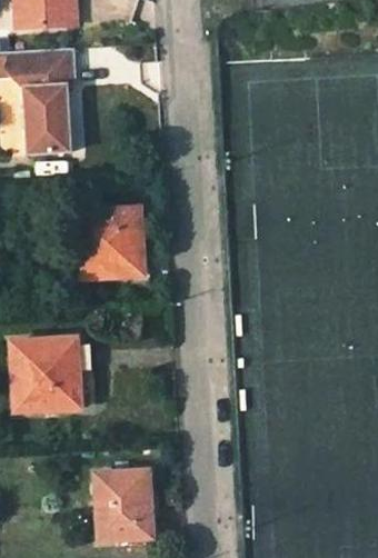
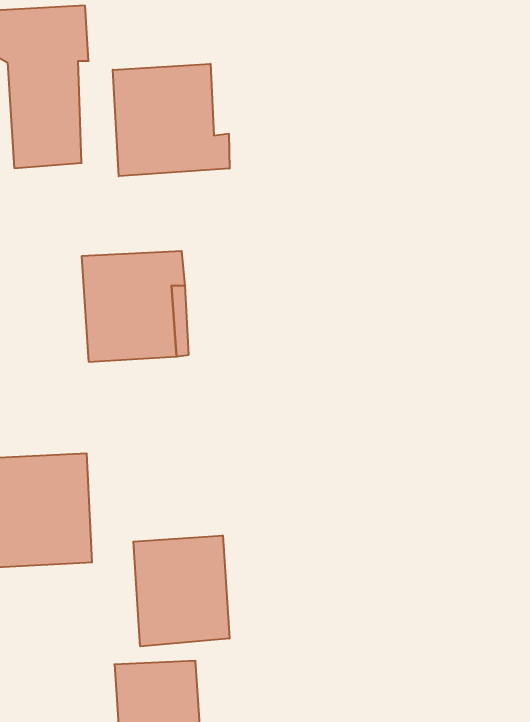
building: none -> [113,64,230,176]
building: none -> [133,535,229,646]

